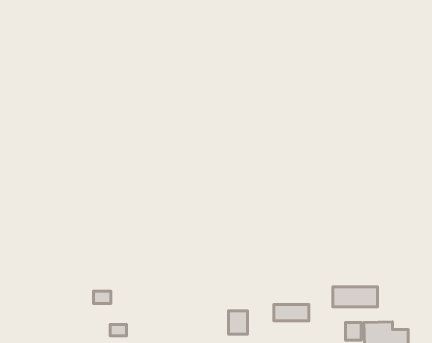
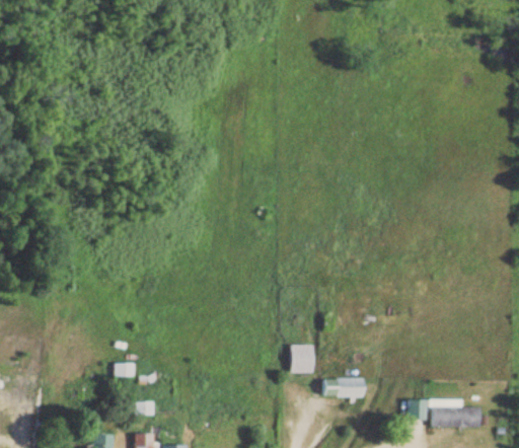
building: [333,287,377,307] -> none
building: [228,311,248,334] -> [292,346,314,373]

